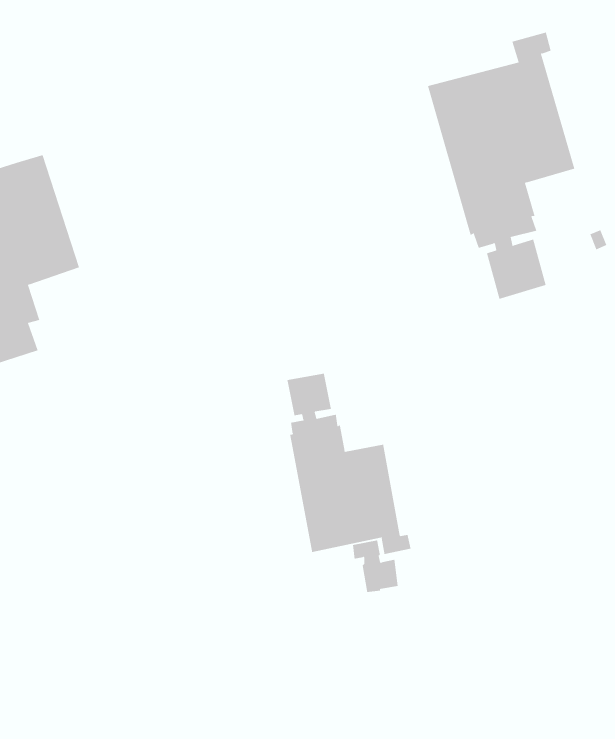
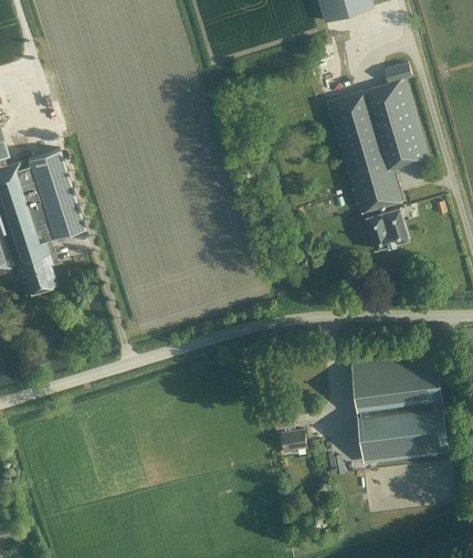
building: [287,373,411,555] -> none
building: none -> [354,356,444,461]

